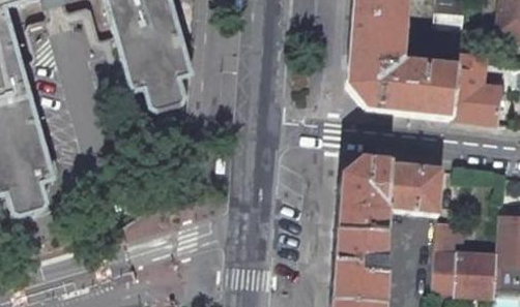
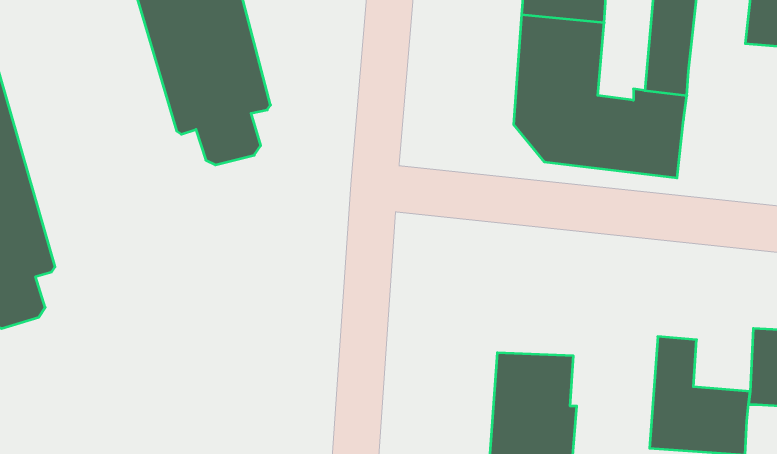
building: [452,80,502,122] -> none
building: [337,157,442,231] -> none

